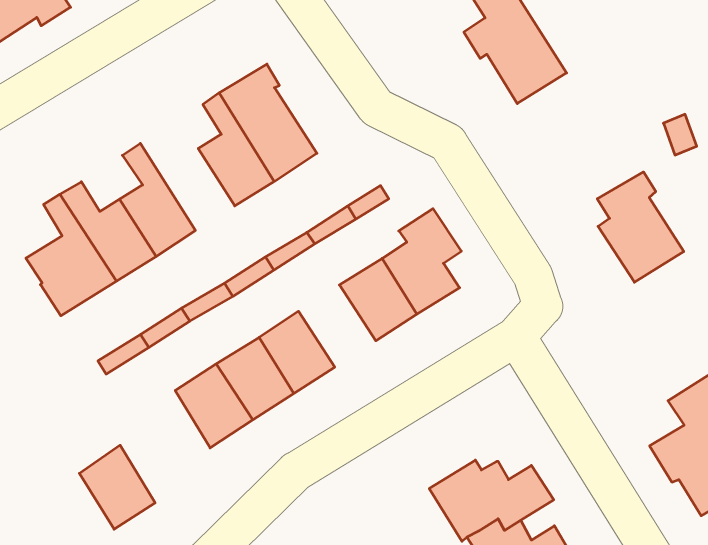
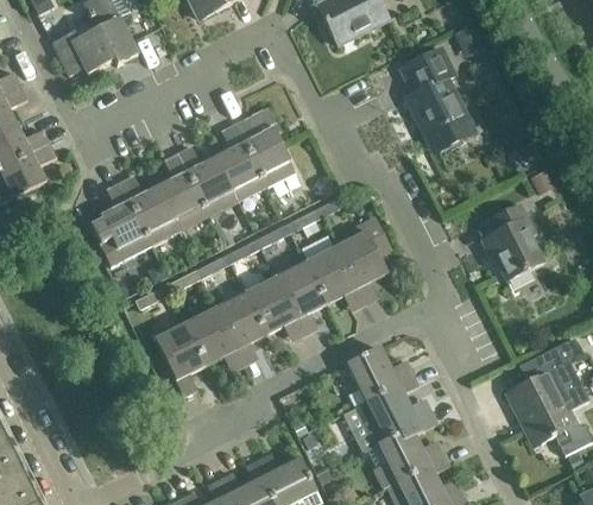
building: none -> [177,145,238,215]
building: none -> [275,261,326,317]
building: none -> [345,346,418,406]
building: [79,445,155,529] -> [156,323,206,380]

